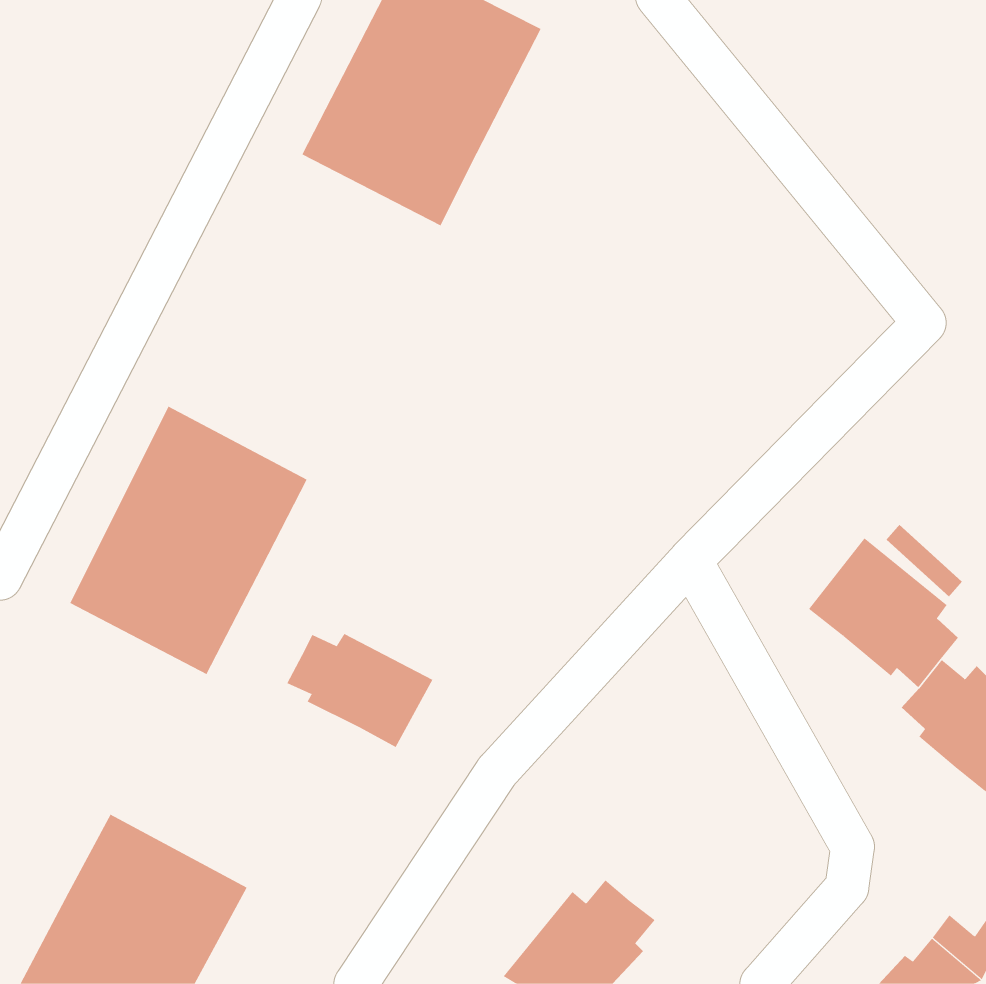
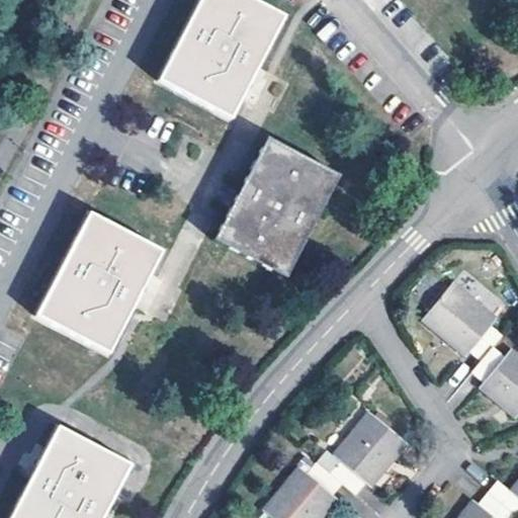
building: none -> [213,138,340,277]
building: [287,633,433,748] -> none
building: none -> [331,412,407,494]

